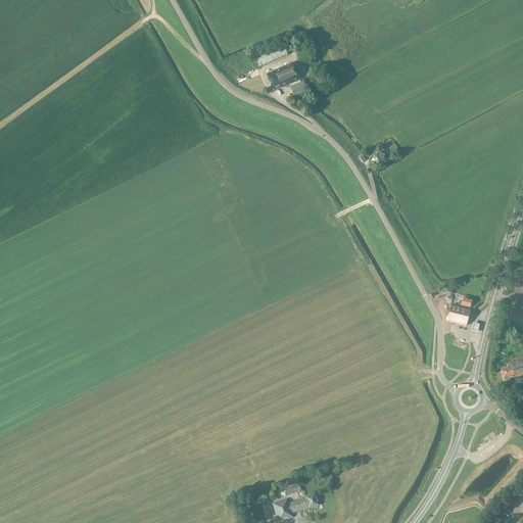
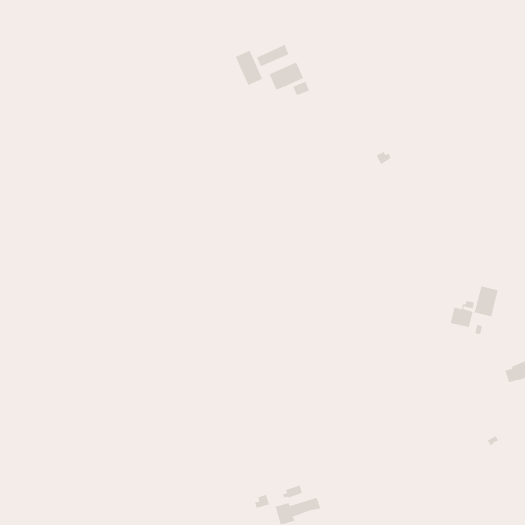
building: none -> [235,50,263,86]
building: none -> [474,286,498,317]

